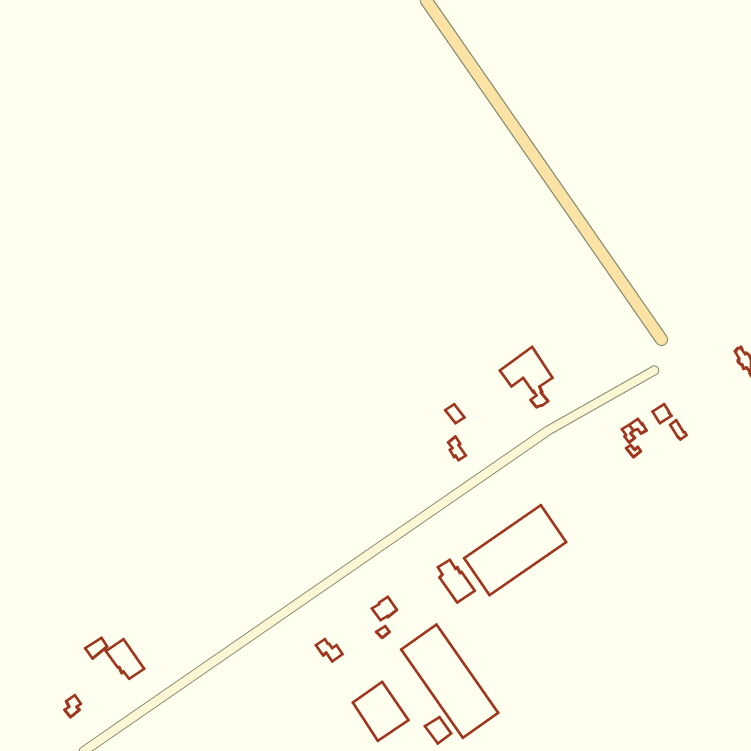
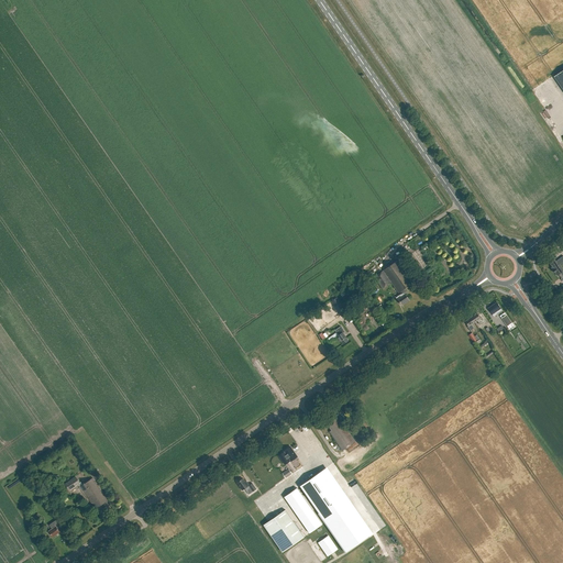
building: [464,505,566,595] -> none
building: none -> [284,488,322,533]

